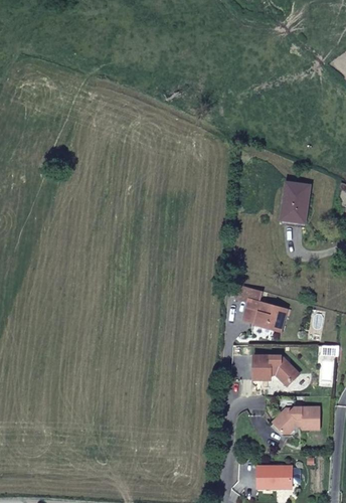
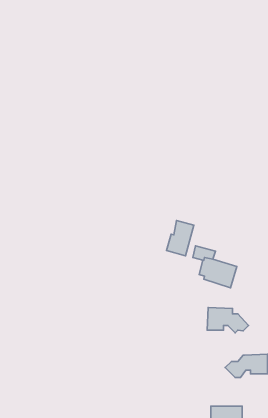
building: [280,181,308,221] -> none
building: none -> [167,221,194,256]

